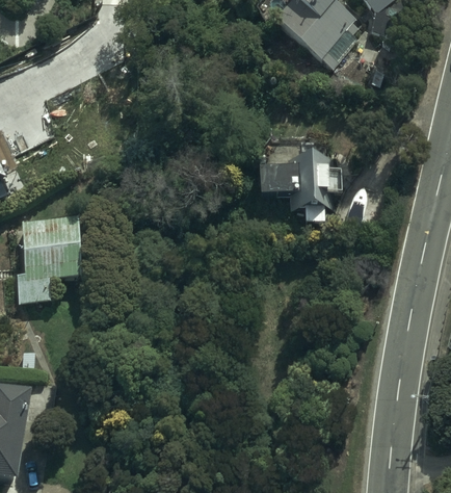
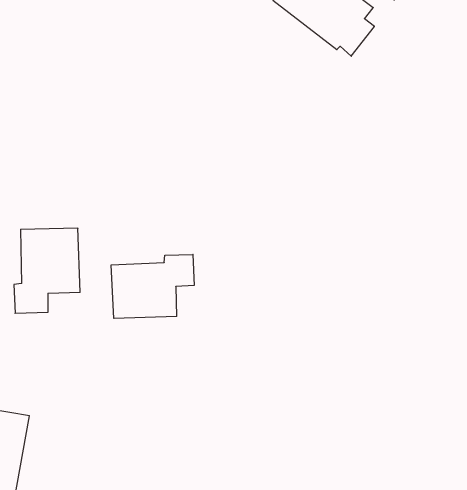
building: [257,157,327,199] -> none
building: none -> [111,254,194,318]

